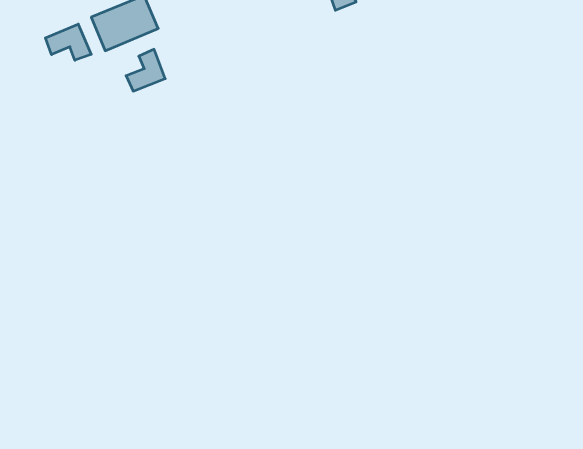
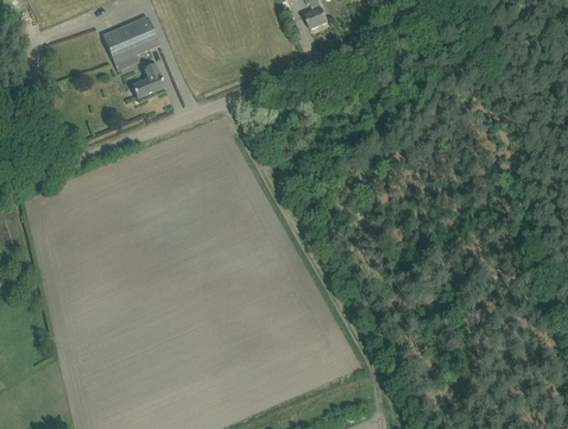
building: [45,24,91,60] -> none

